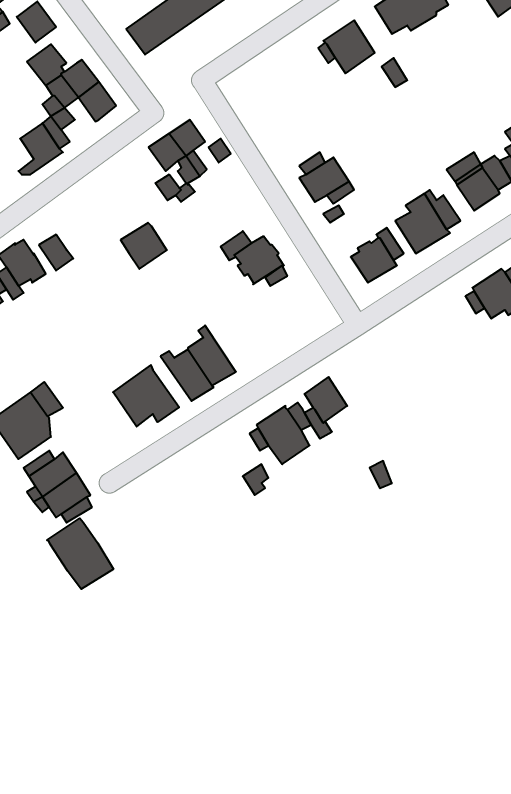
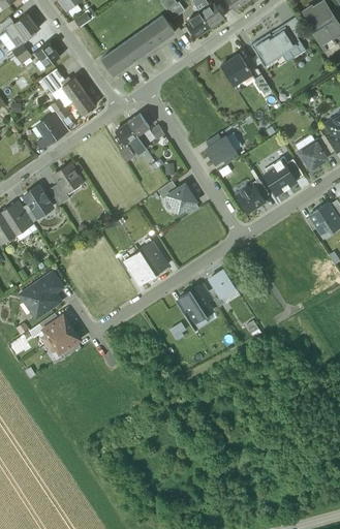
building: [121,223,167,269] -> [54,164,82,192]
building: [113,365,179,427] -> none
building: [47,518,113,589] -> none

